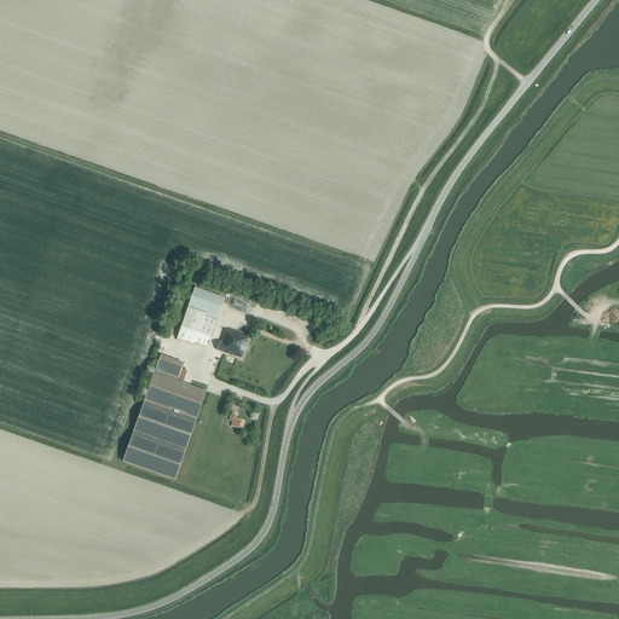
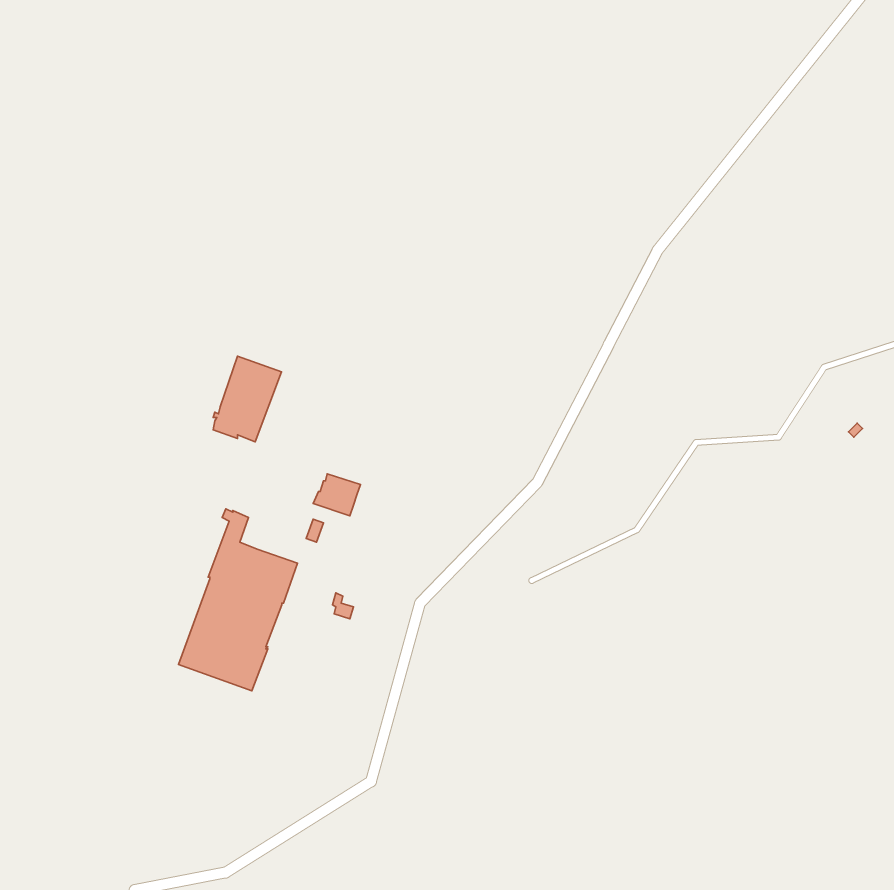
building: [178,285,225,345] -> [213,356,281,442]

